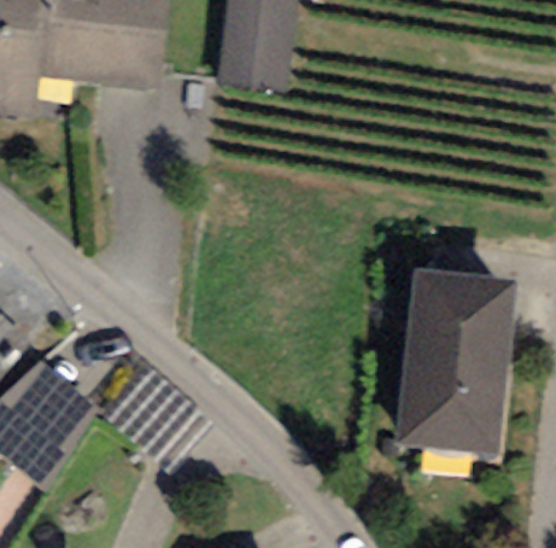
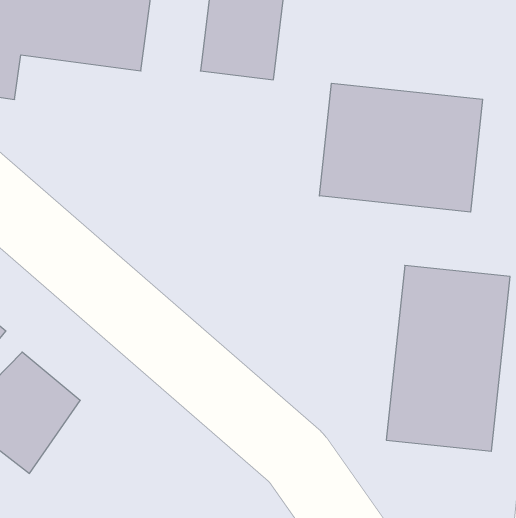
building: none -> [319,83,483,212]

